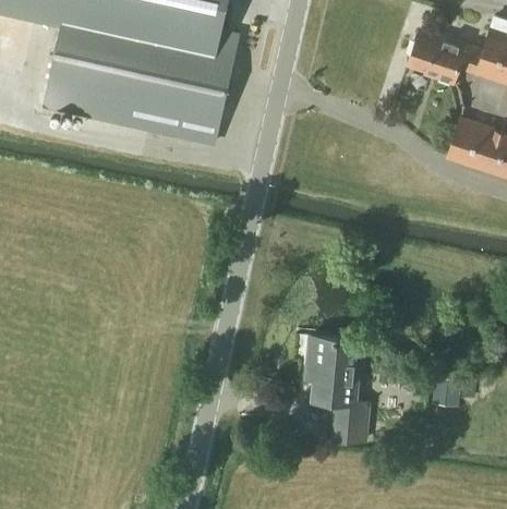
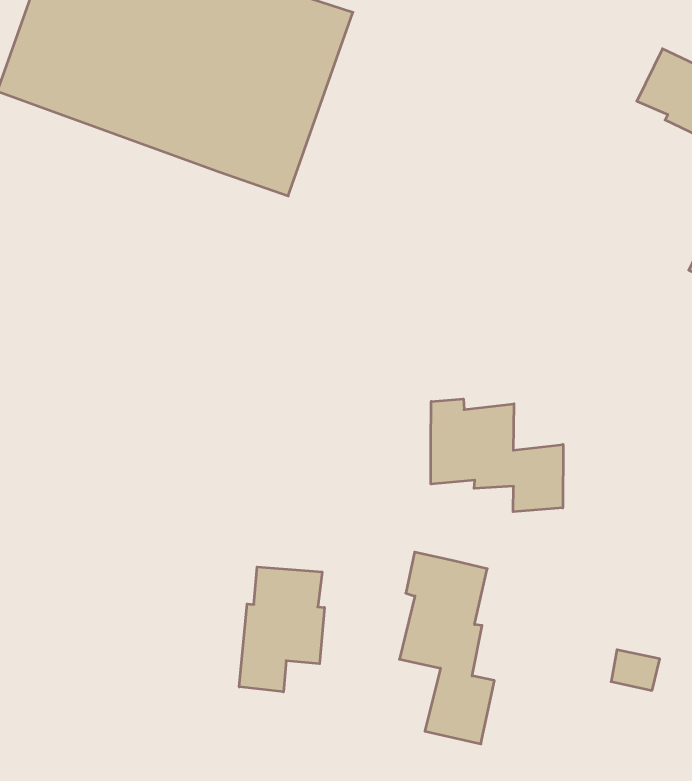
building: none -> [431,399,563,512]
building: none -> [239,567,324,692]

